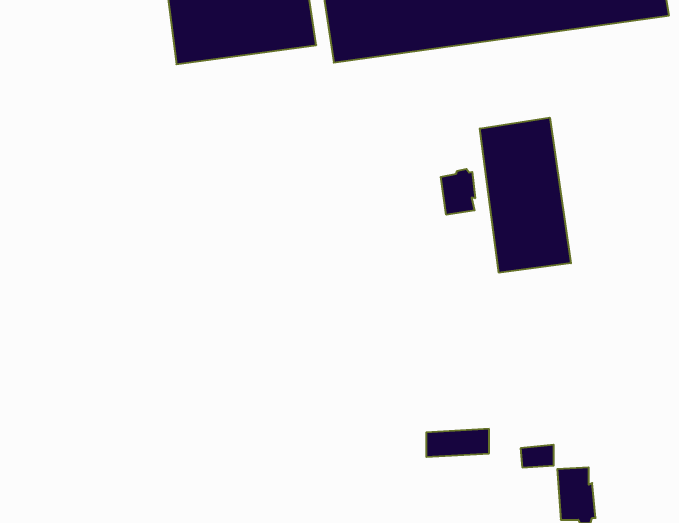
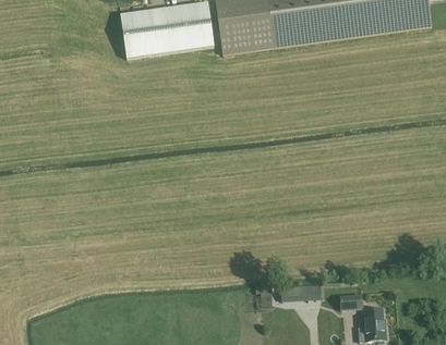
building: [480,118,571,273] -> none
building: [441,169,475,215] -> none

